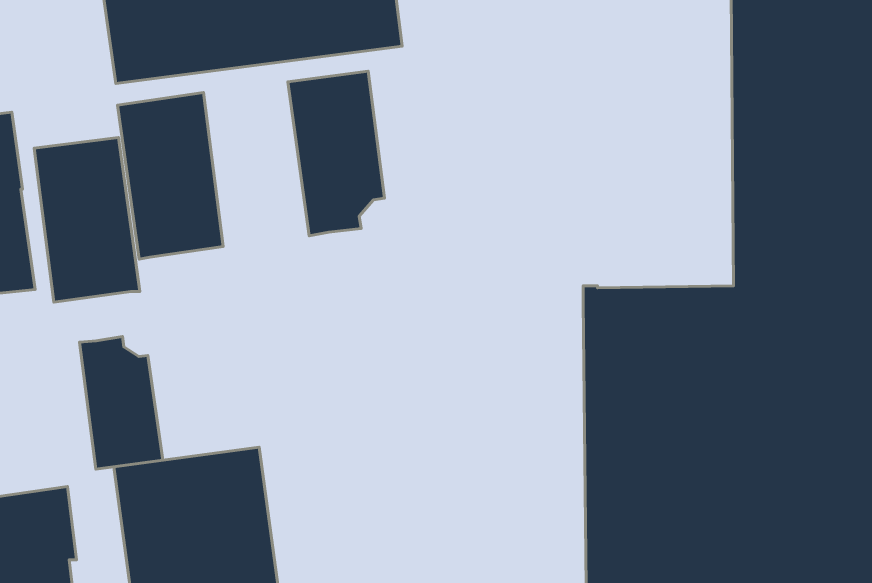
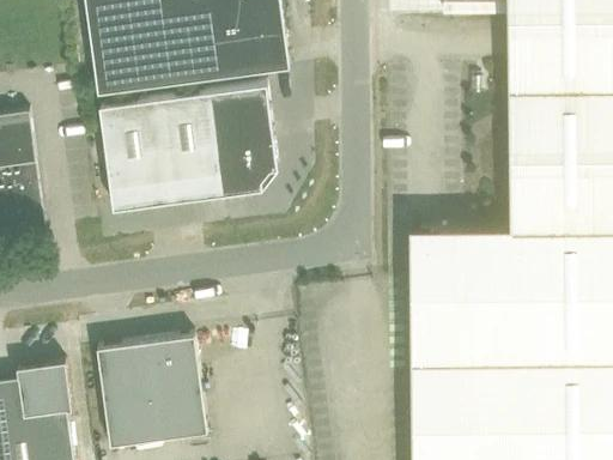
building: [34,137,140,302] -> [157,92,227,202]
building: [79,337,163,469] -> none

